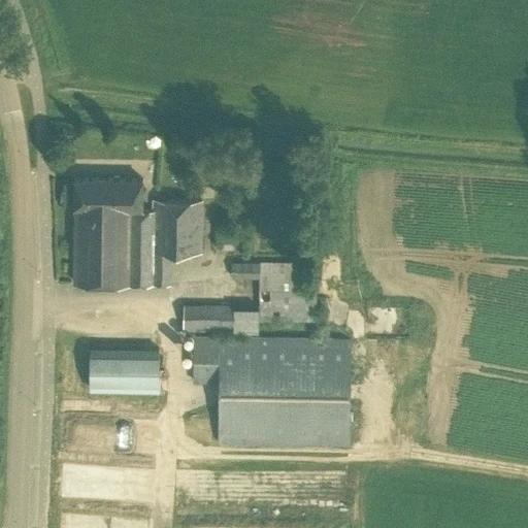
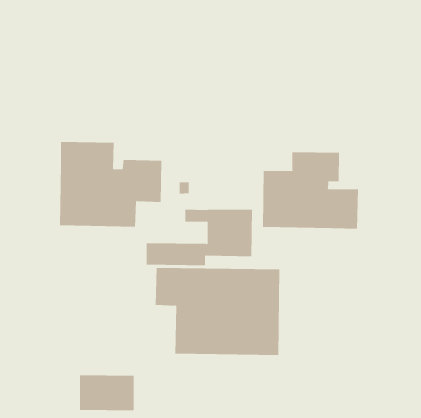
building: none -> [262,152,358,229]
building: [90,350,159,395] -> [79,375,134,411]

